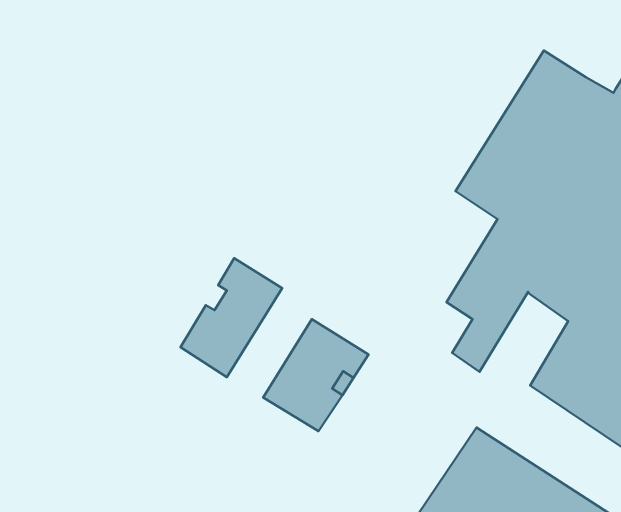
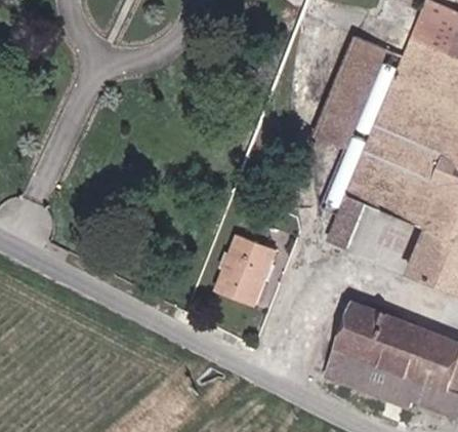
building: [181,258,282,377] -> none

